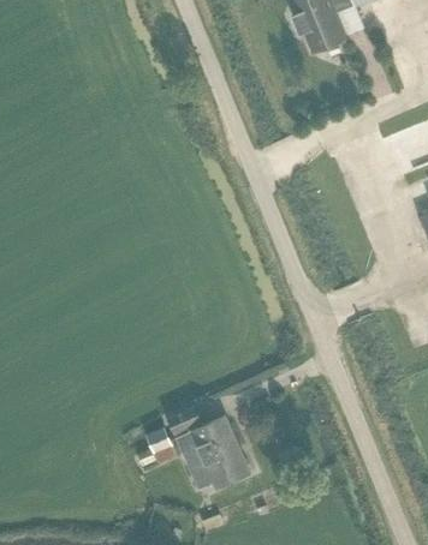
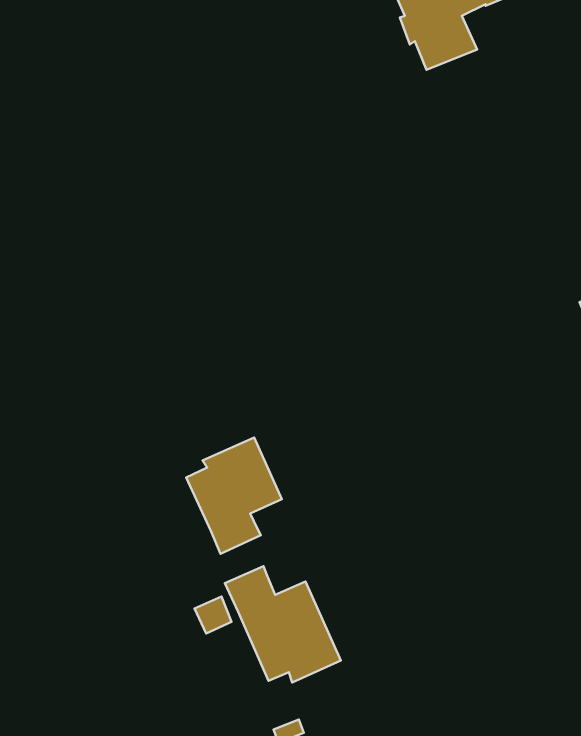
building: none -> [186,437,282,554]

